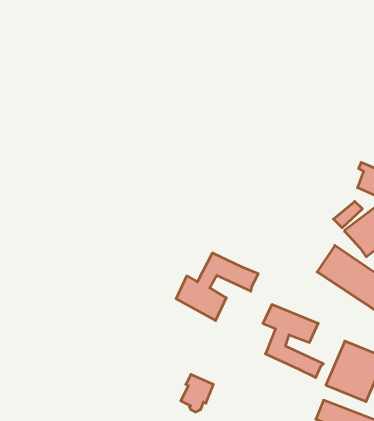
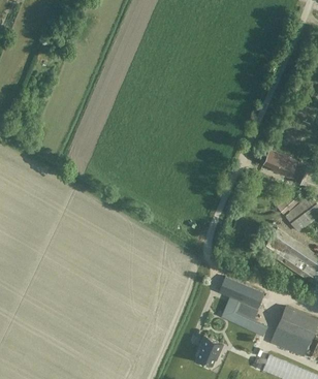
building: none -> [263,149,296,177]
building: [176,253,258,321] -> none
building: [181,374,213,412] -> [195,336,222,367]

